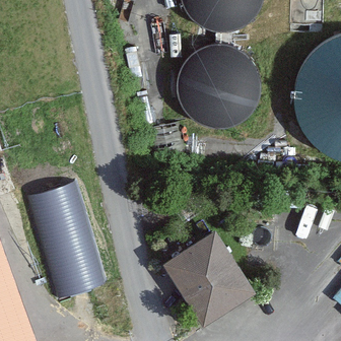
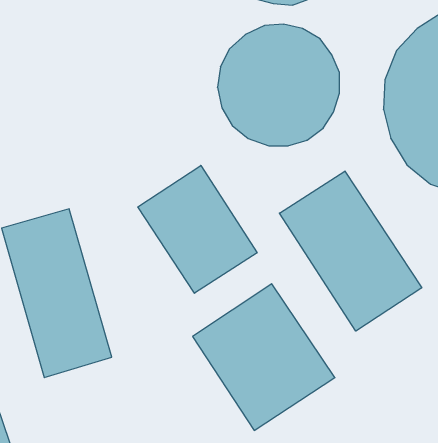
building: none -> [138,165,257,293]
building: none -> [279,171,422,331]

